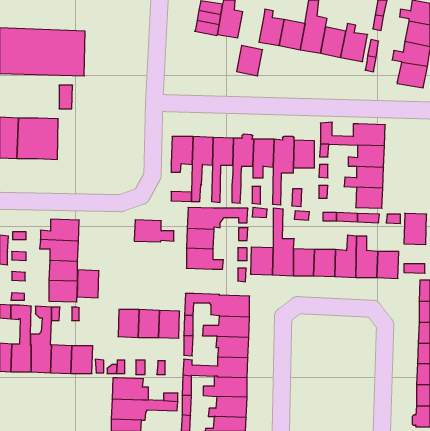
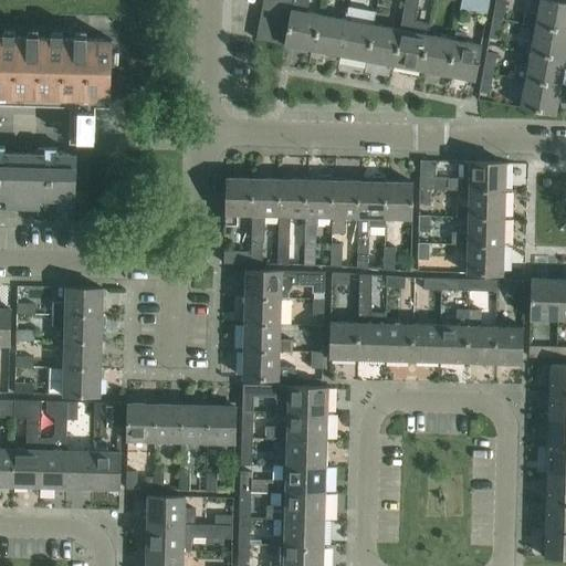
building: [237,45,263,76] -> [312,15,346,55]
building: [134,220,174,242] -> [243,352,295,380]
building: [77,270,99,298] -> [127,405,156,441]

